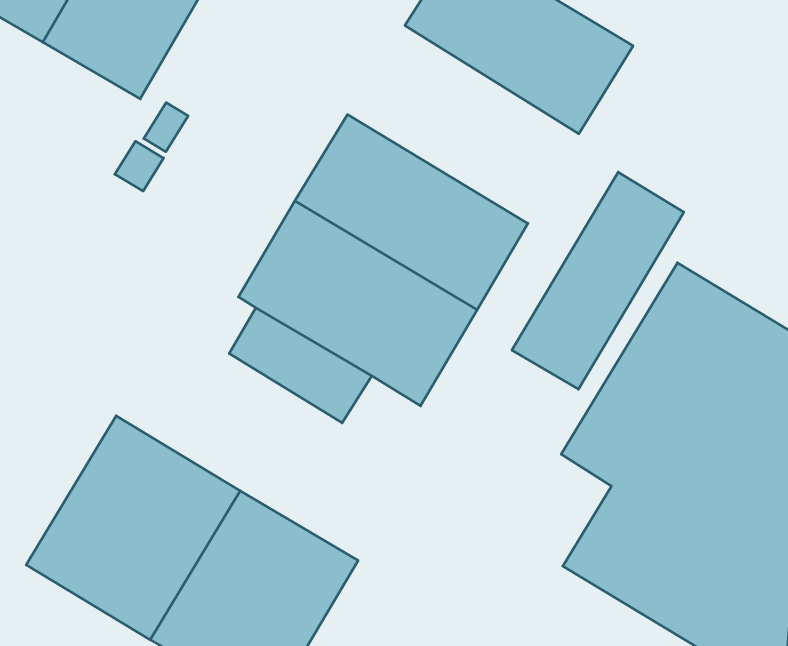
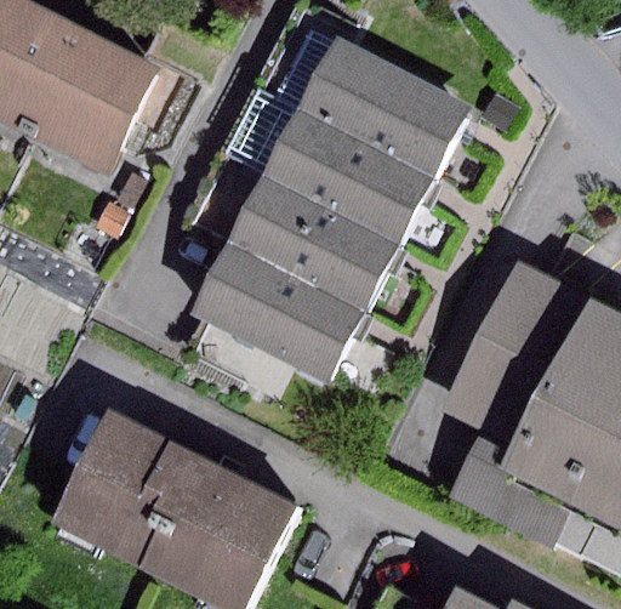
building: none -> [263,102,435,241]
building: [512,172,684,389] -> none

